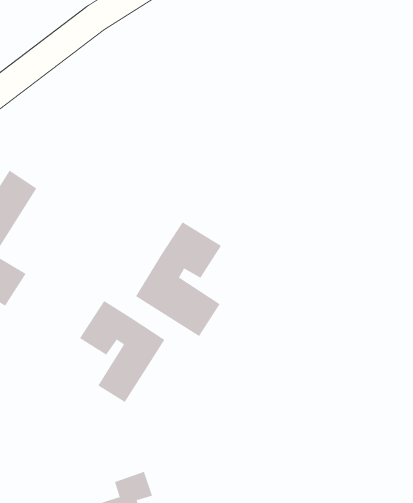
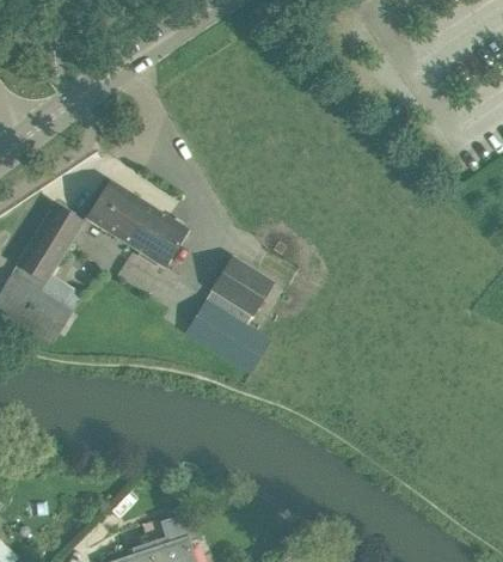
building: none -> [85,181,188,269]
building: [79,300,165,403] -> none

